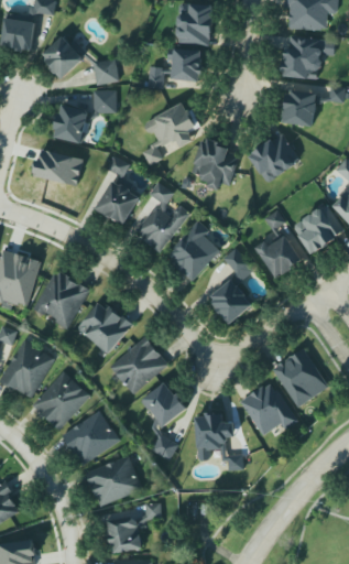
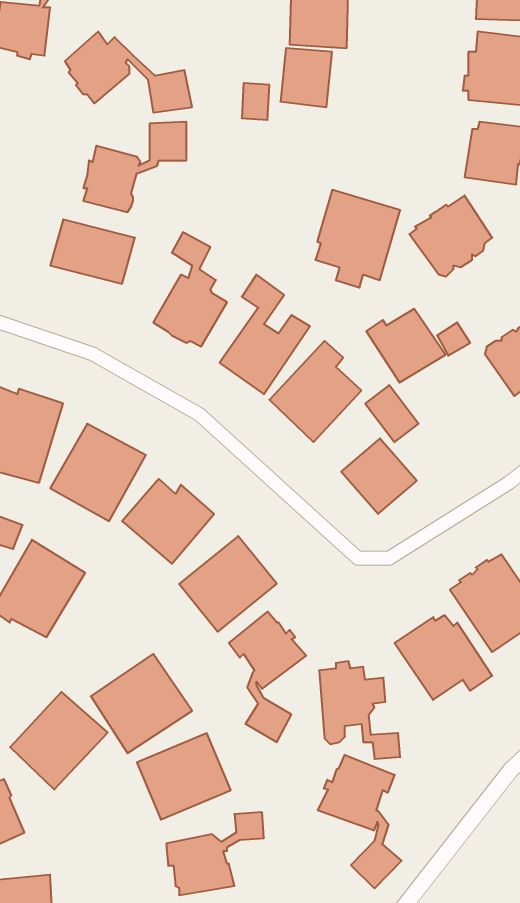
building: [142,101,197,165] -> none
building: [255,234,303,278] -> [366,309,445,383]
building: [32,371,90,430] -> [10,692,108,790]
building: none -> [318,755,402,888]

